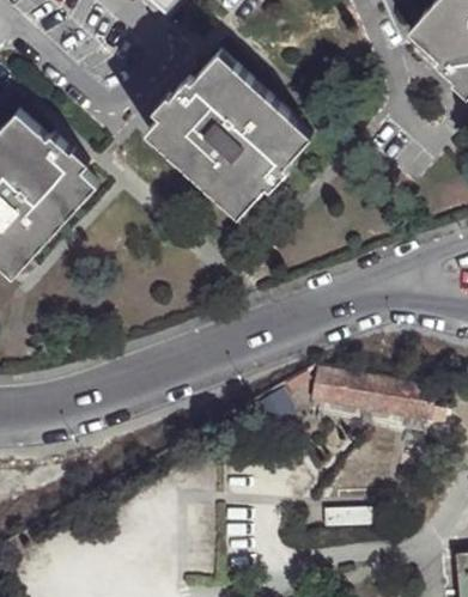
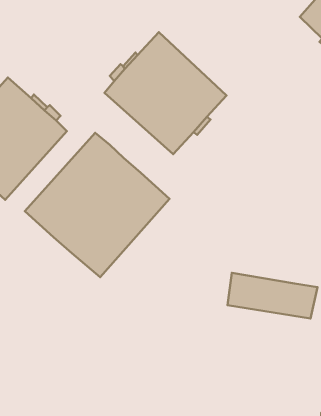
building: none -> [25,133,170,277]

